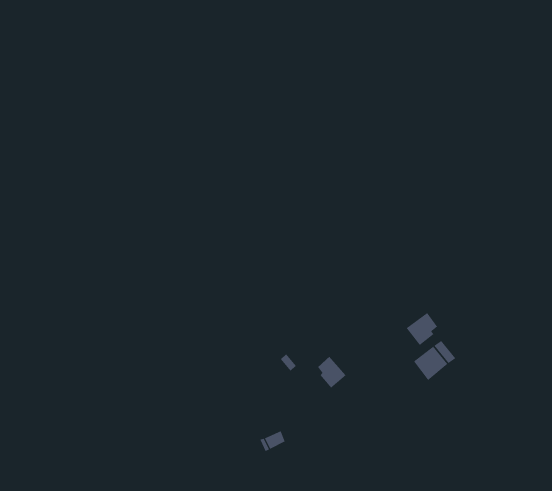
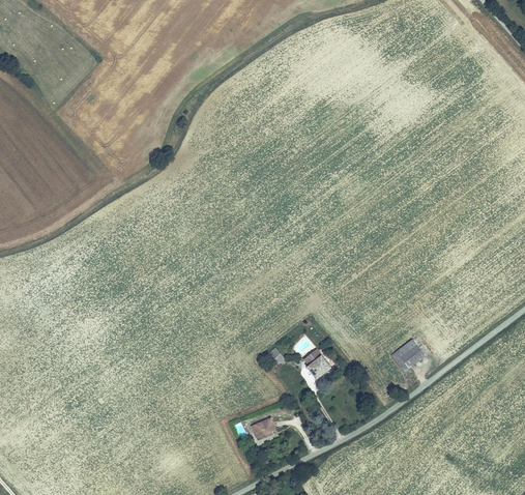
building: [406,312,438,346] -> none

